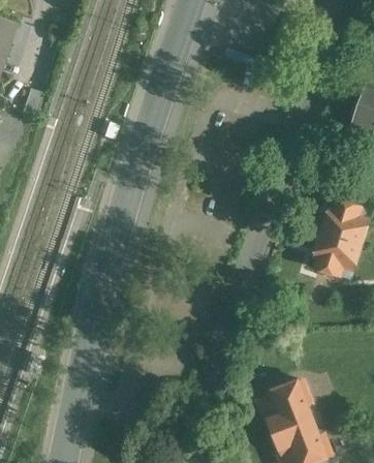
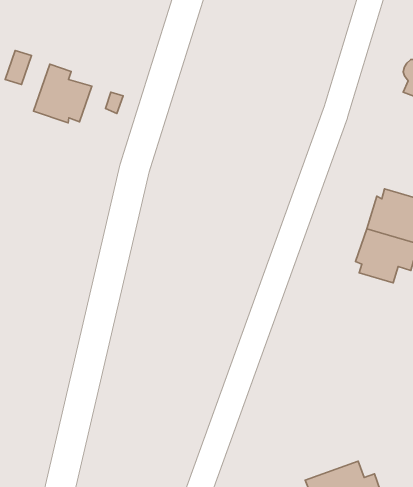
building: none -> [33,64,92,123]
building: [255,383,312,440] -> none

